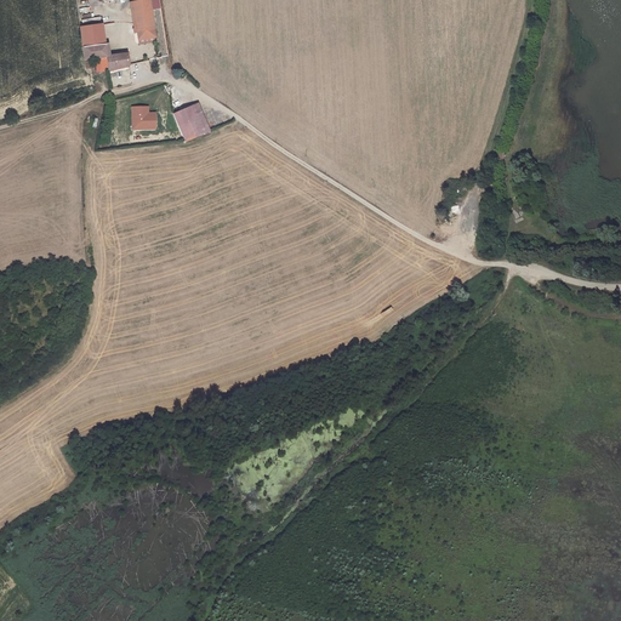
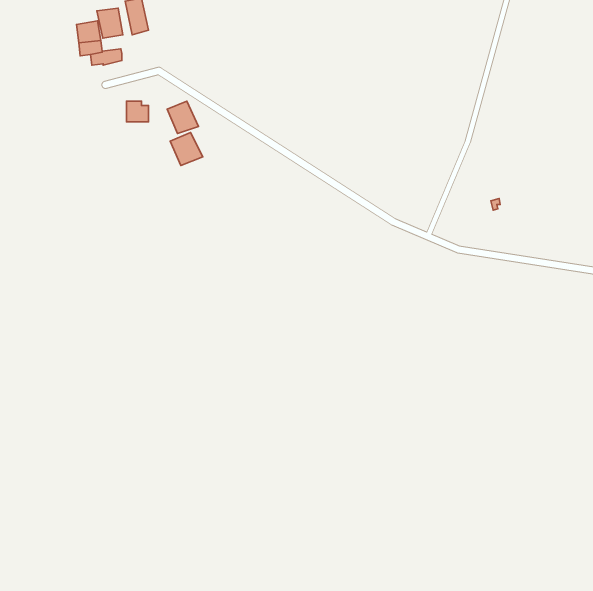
building: none -> [97,8,123,38]
building: none -> [170,132,203,165]

